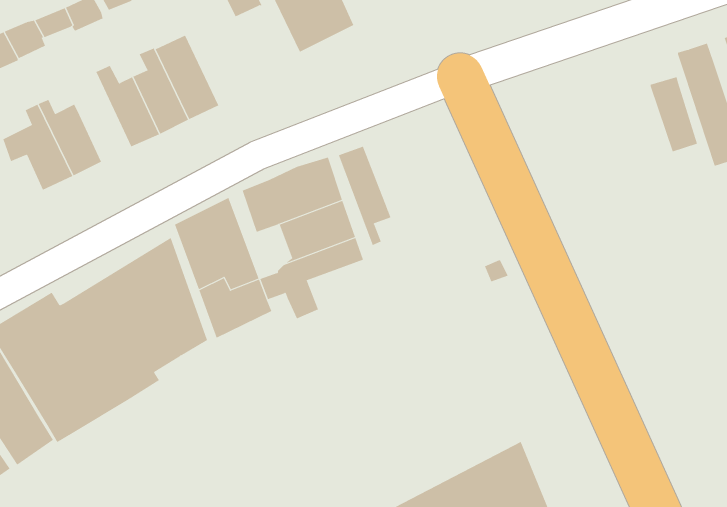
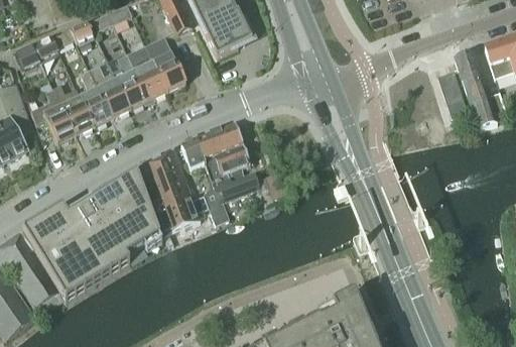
building: none -> [146,34,185,88]
building: none -> [79,67,112,123]
building: [338,146,391,246] -> none

